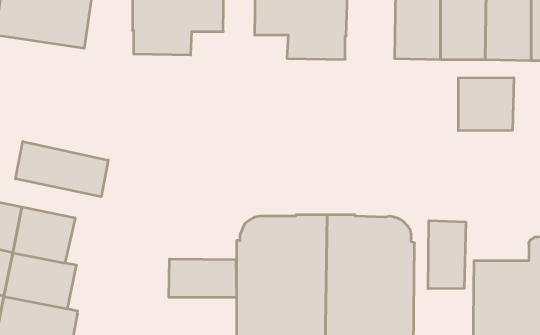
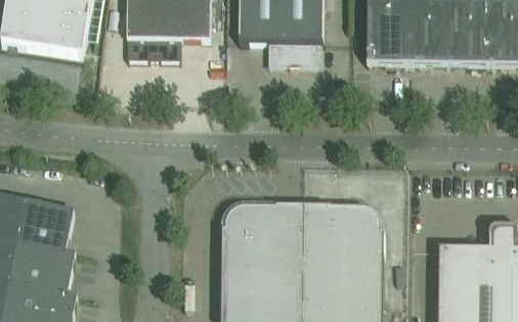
building: [458,78,514,131] -> none
building: [16,141,108,197] -> none
building: [428,221,466,289] -> none
building: [169,259,237,297] -> none

